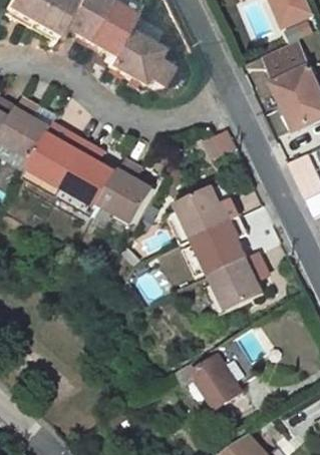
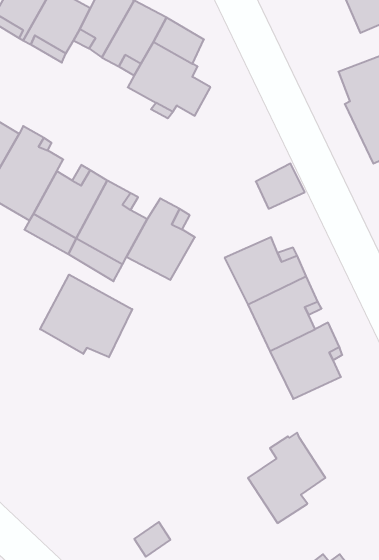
building: none -> [40,275,132,357]

